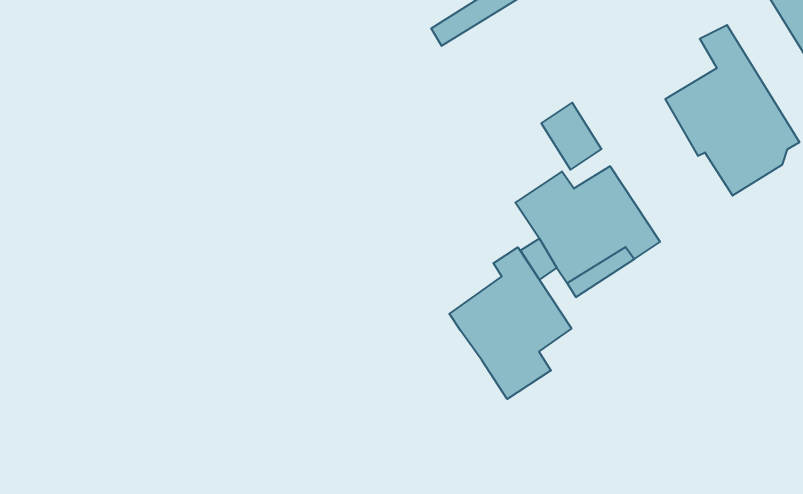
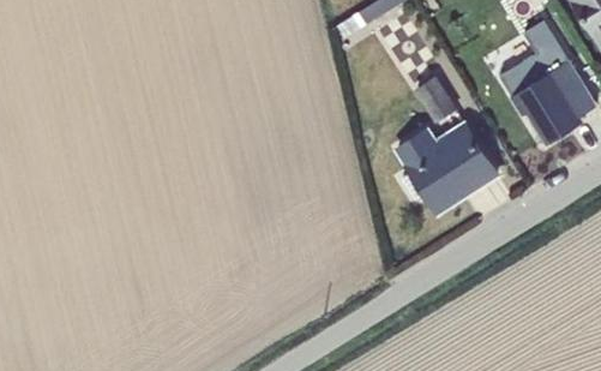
building: [449,247,571,399] -> none

